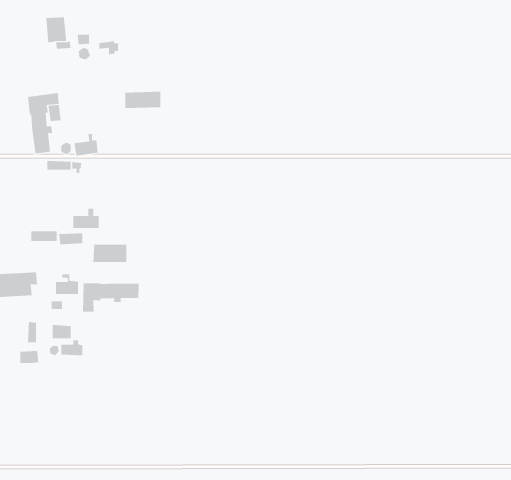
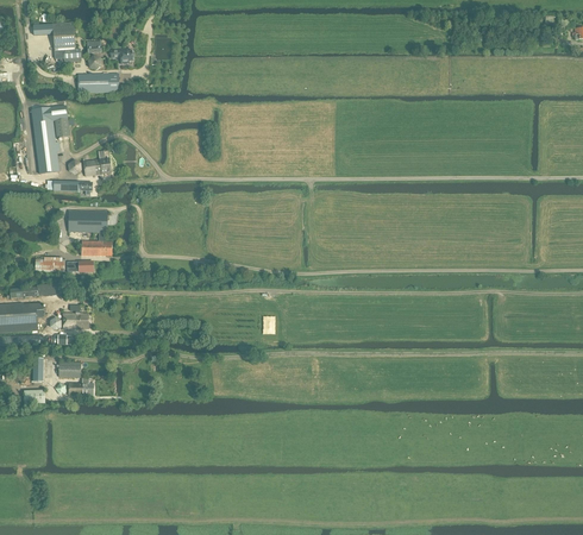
building: [125,91,161,109] -> [77,73,118,92]
building: [93,244,127,263] -> [68,210,106,231]
building: [82,283,139,313] -> none

